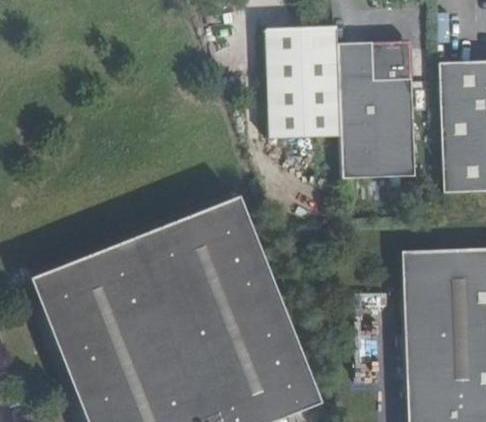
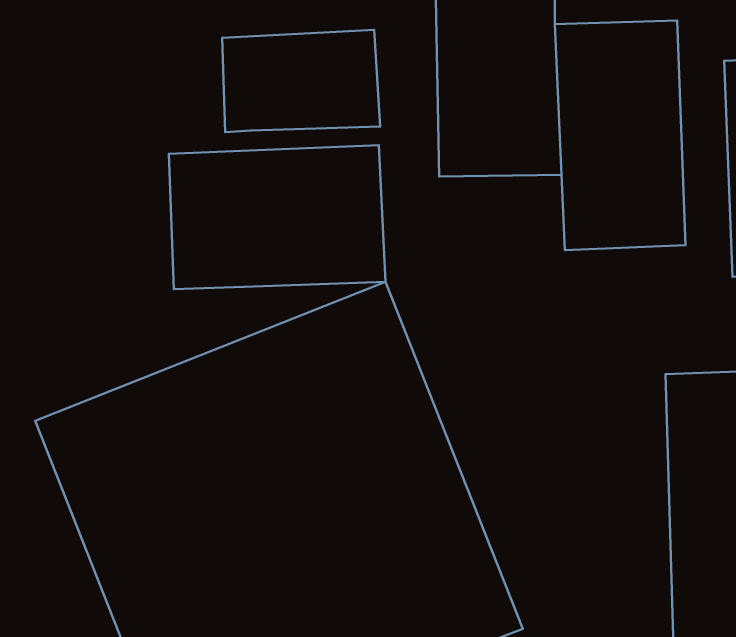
building: none -> [222,30,380,132]
building: none -> [169,145,386,289]

